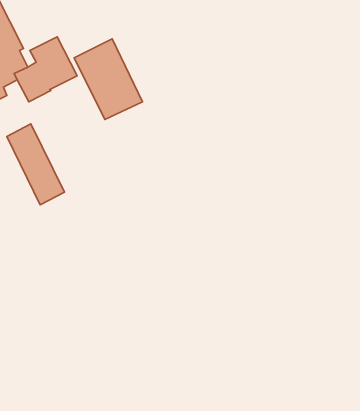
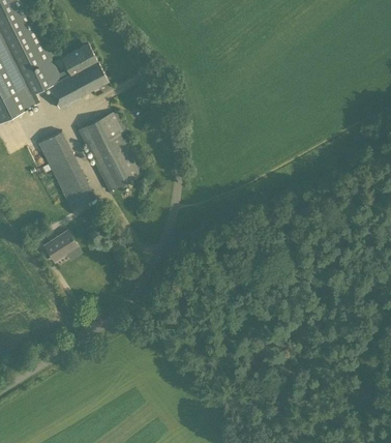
building: [74,39,142,120] -> [78,112,145,191]
building: none -> [42,231,81,260]

